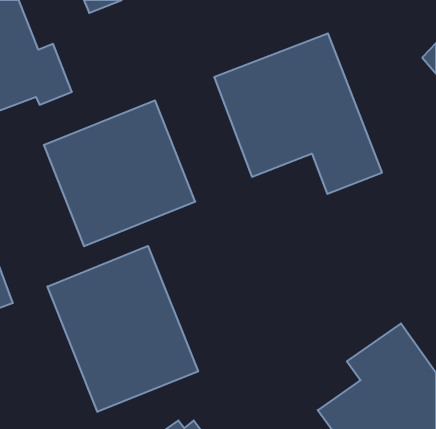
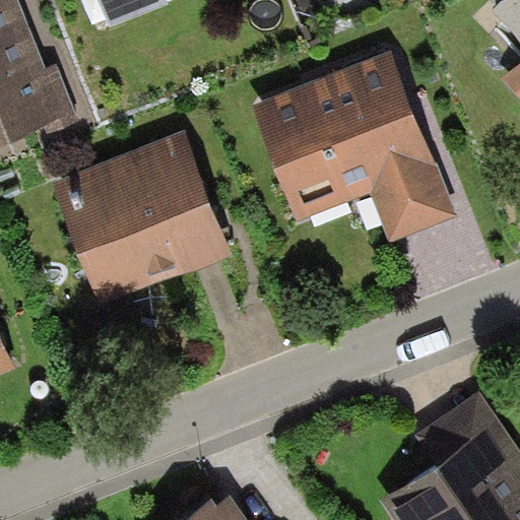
building: [47,246,198,412] -> none

